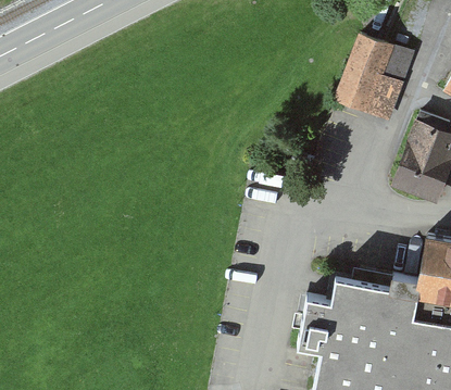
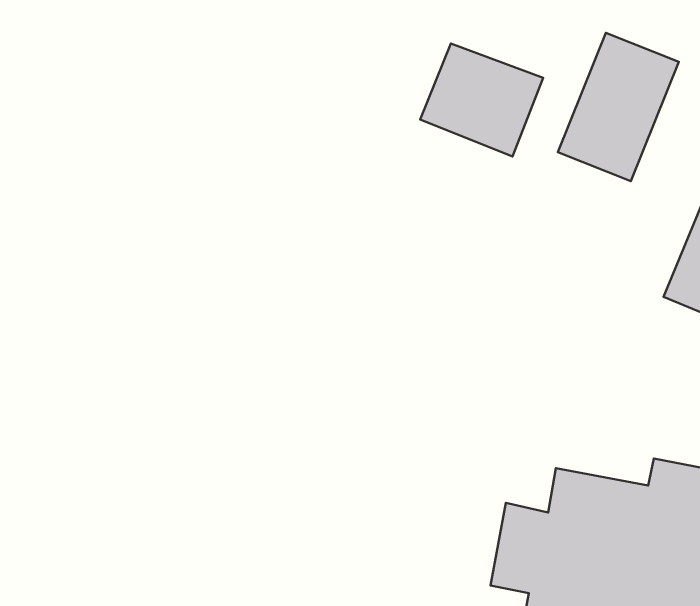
building: none -> [420,43,543,157]

